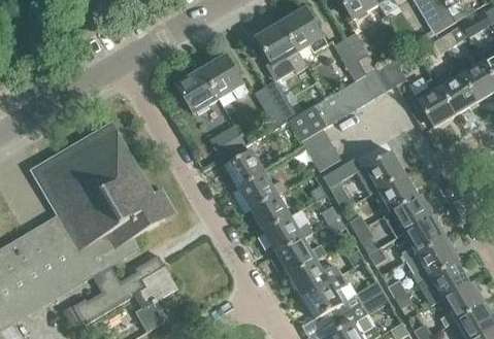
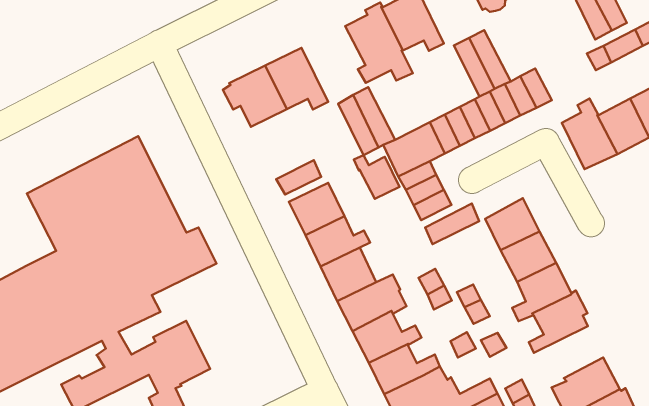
building: none -> [354,155,399,199]
building: [405,236,455,285] -> none

